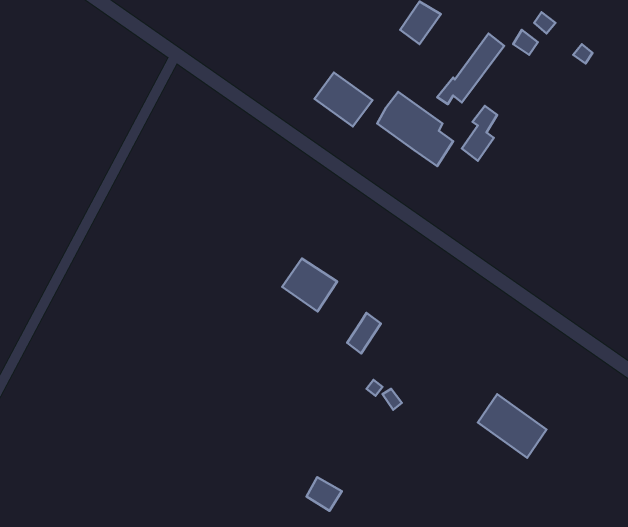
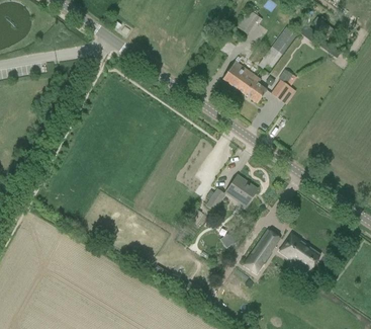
building: [314,72,372,126] -> none
building: [282,259,337,312] -> [225,175,257,205]
building: none -> [243,237,274,272]

